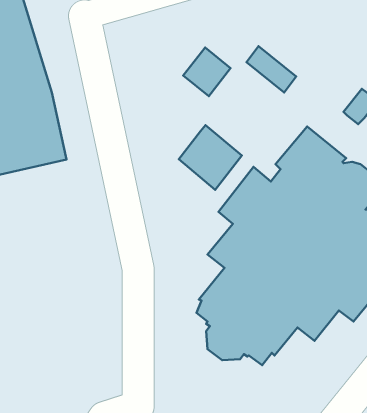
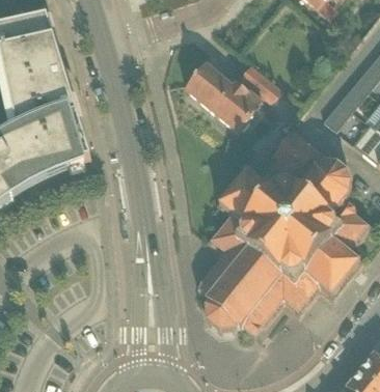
building: [179,125,242,190] -> [208,77,262,132]

